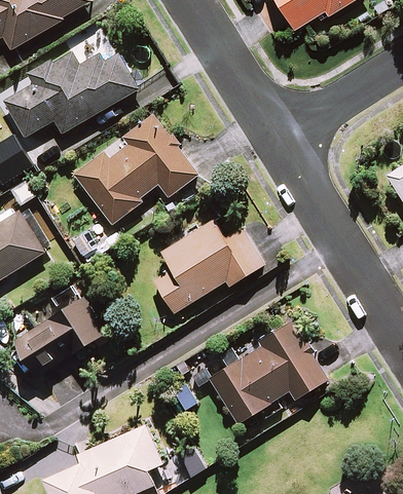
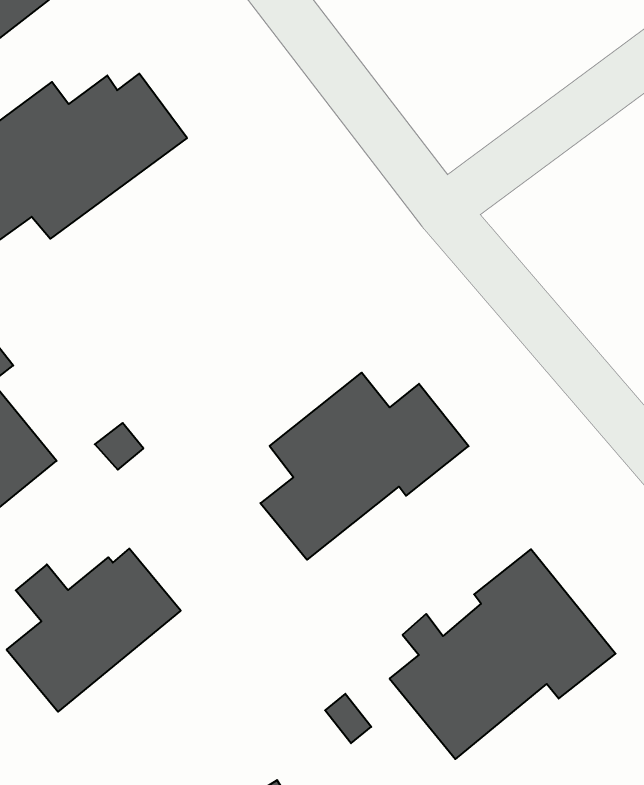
building: [74,116,197,225] -> none

